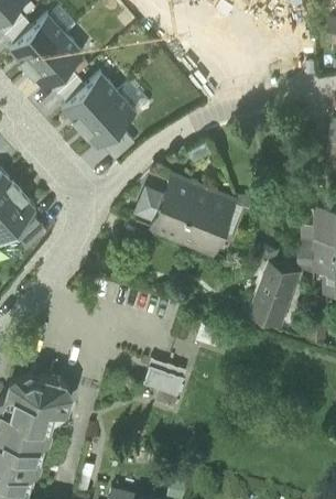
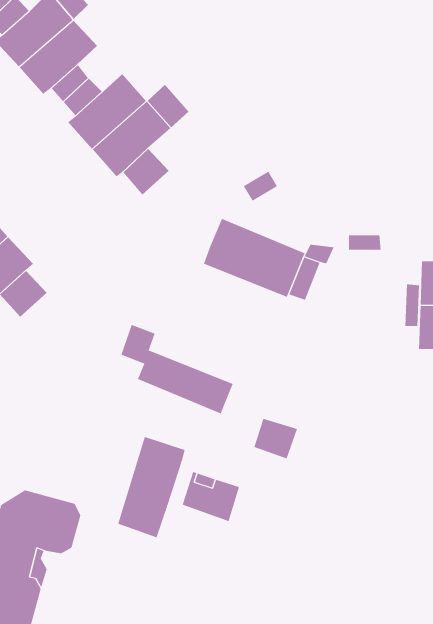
building: [137,191,218,256] -> [121,324,233,414]
building: [250,262,299,326] -> none
building: none -> [118,436,185,538]

